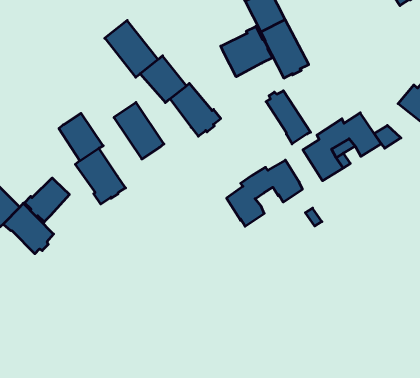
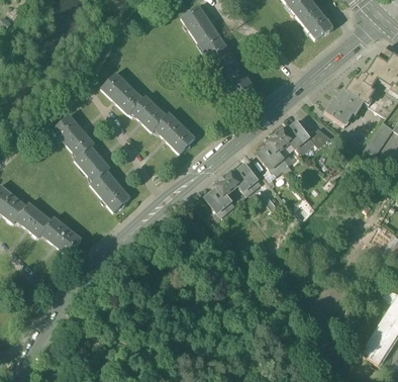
building: [221,26,273,77] -> none
building: [266,91,311,144] -> none
building: [114,102,164,159] -> [54,114,93,156]
building: [24,178,69,222] -> none

